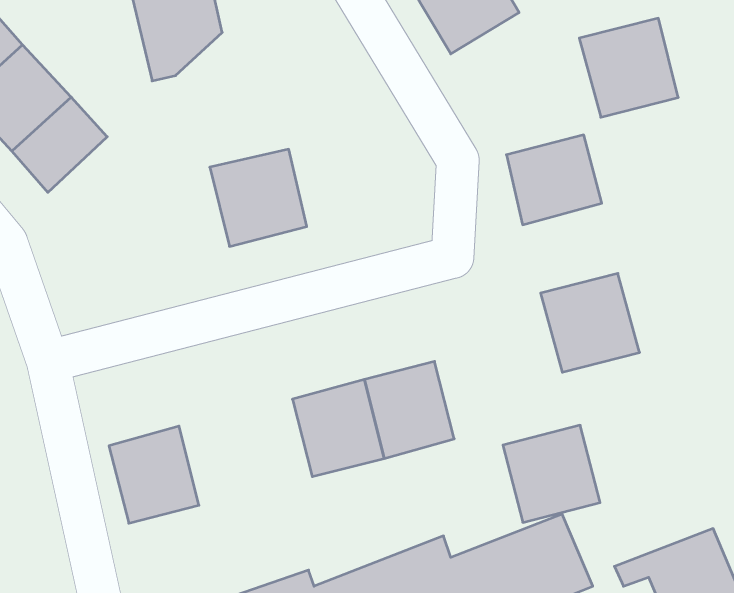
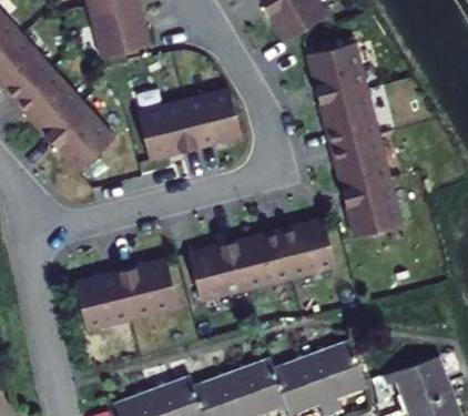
building: [579,18,678,117] -> [307,44,368,105]
building: none -> [186,91,242,150]
building: none -> [45,103,115,173]
building: none -> [330,135,389,191]
building: none -> [119,261,180,322]
building: [503,425,600,522] -> [276,221,336,281]

